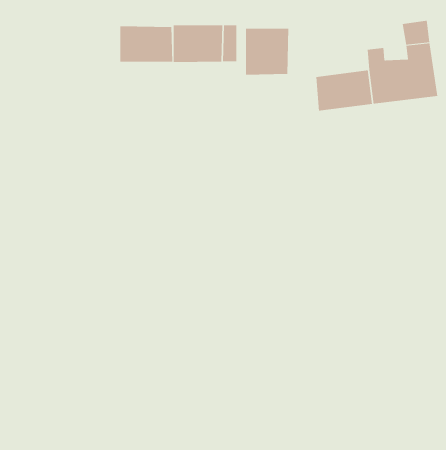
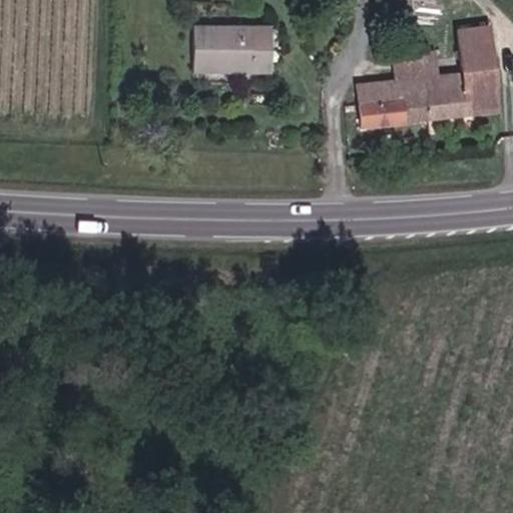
building: [120,26,173,63] -> none
building: [245,28,289,75] -> none

